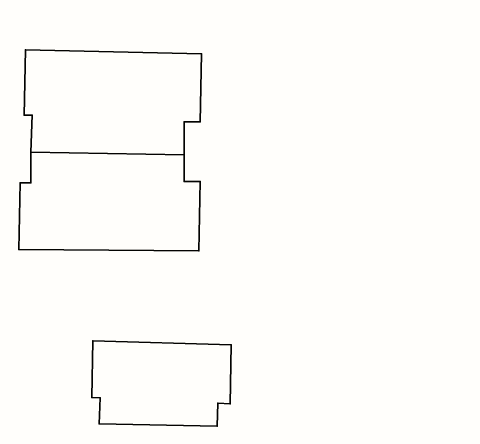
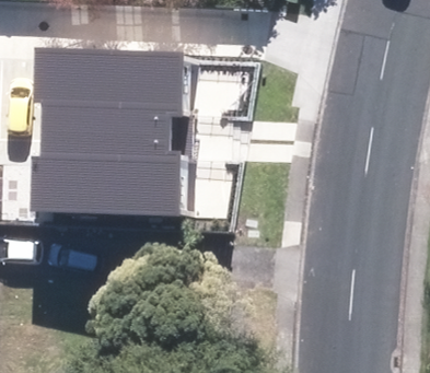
building: [92,341,231,426] -> none

